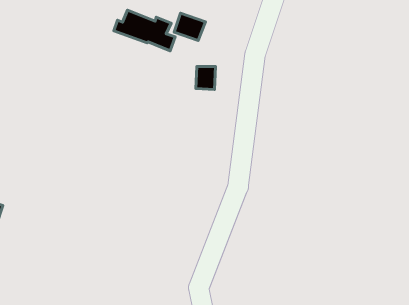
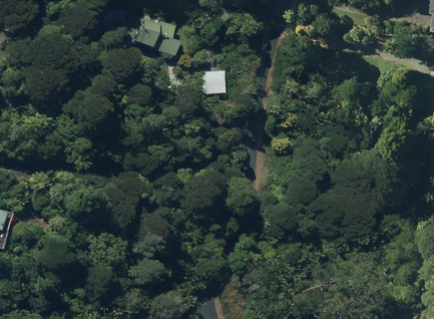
building: [174,13,206,40] -> none

